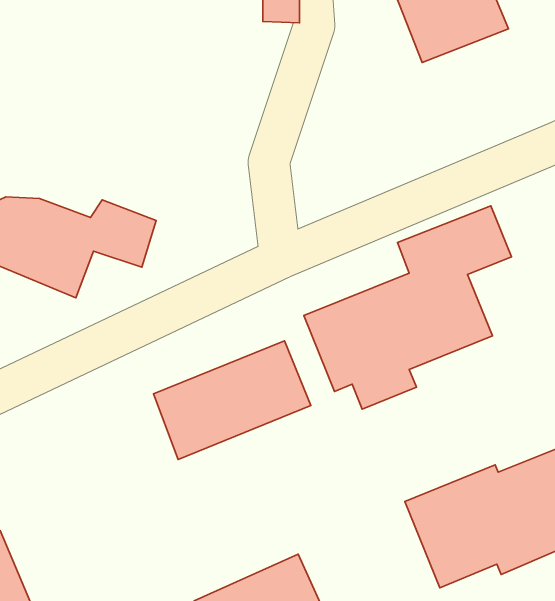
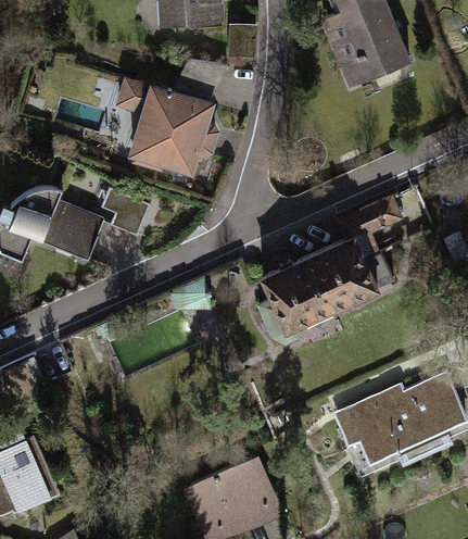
building: none -> [116,61,228,178]
building: [154,341,311,459] -> none

